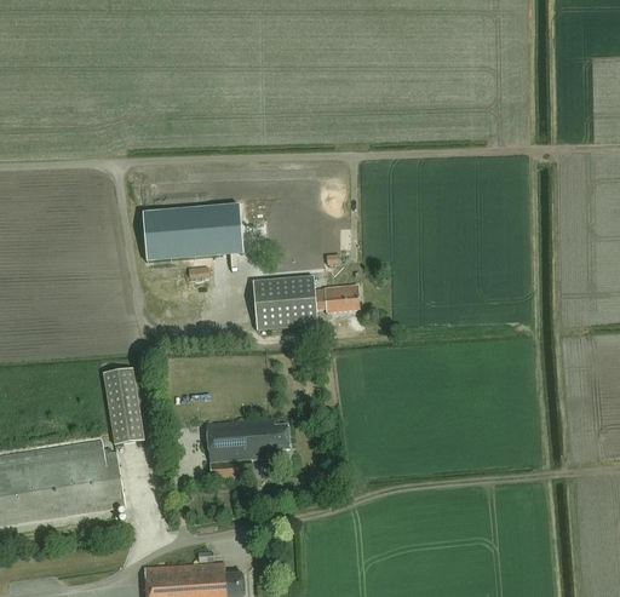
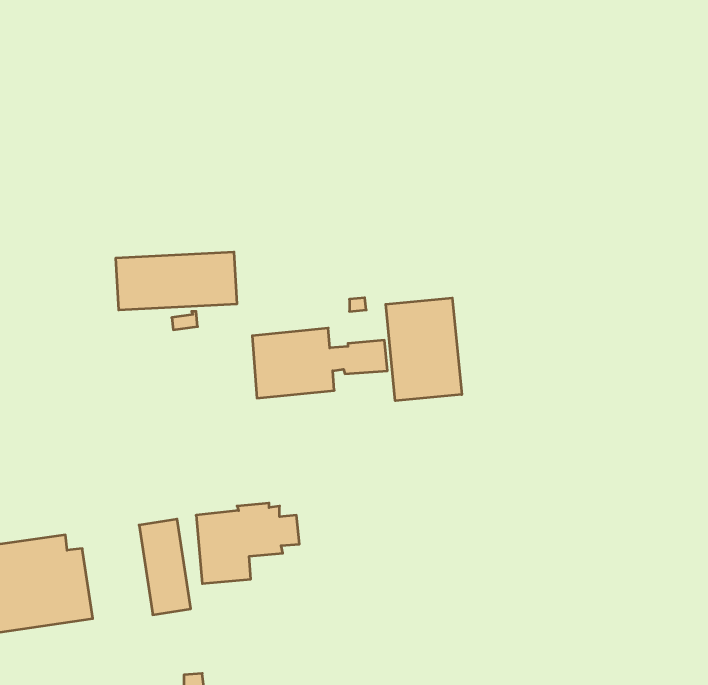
building: none -> [386,298,462,401]
building: [103,366,144,442] -> [139,519,191,615]

